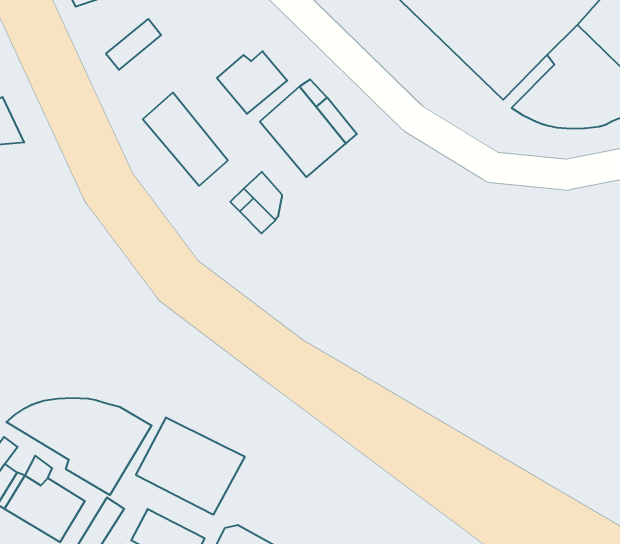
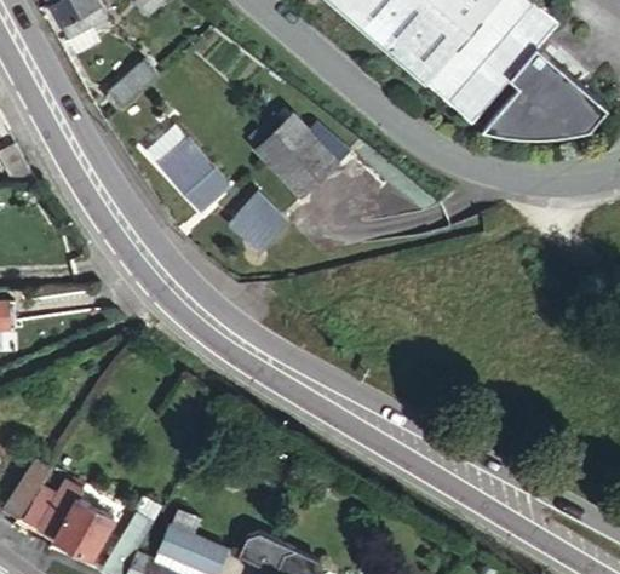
building: [217,51,287,114] -> none
building: [6,398,152,495] -> none
building: [136,417,245,515] -> none

